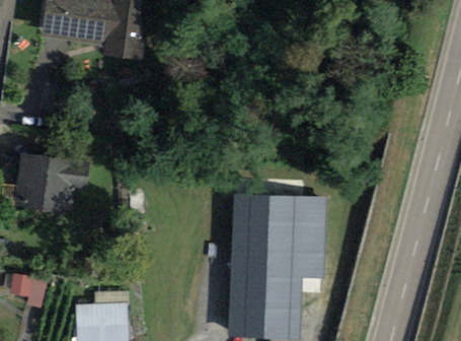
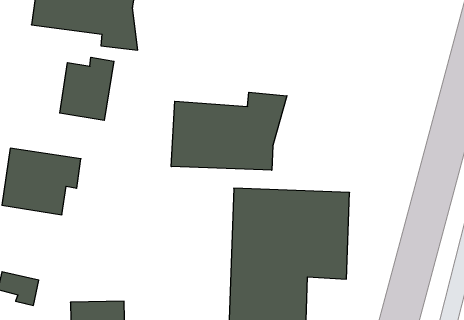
building: none -> [60,57,114,120]
building: none -> [171,92,287,170]

